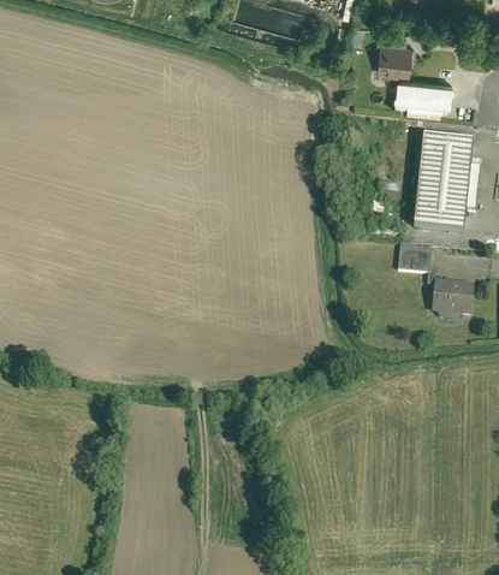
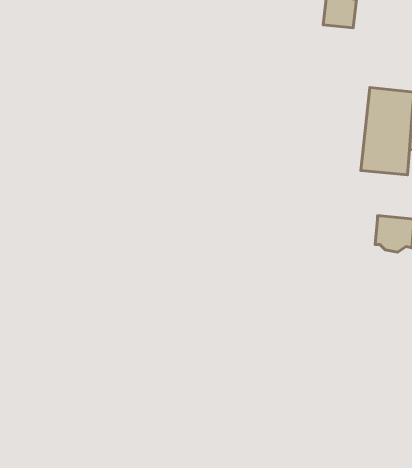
building: [394,78,453,118] -> none
building: [398,239,438,281] -> none

